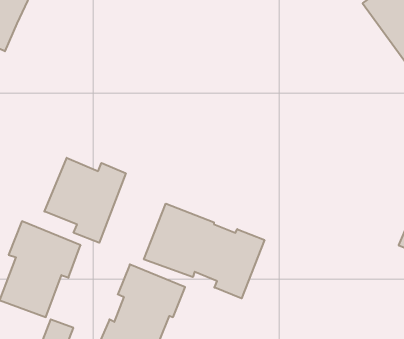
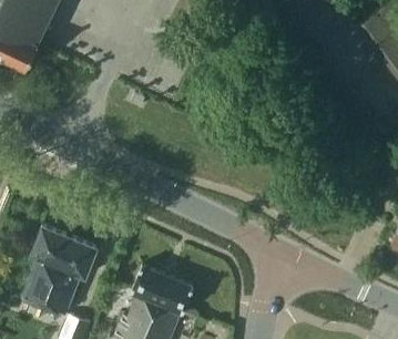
building: [44,158,126,243] -> none
building: [144,204,264,298] -> none

